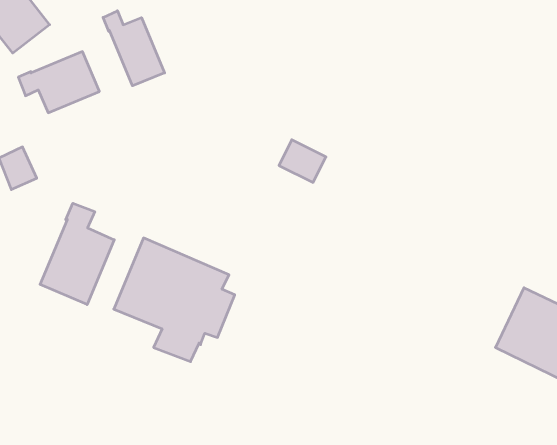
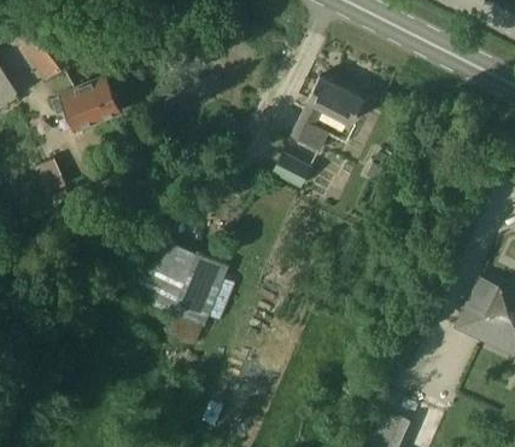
building: [103,11,165,86] -> none
building: none -> [289,76,363,151]
building: [40,203,114,305] -> none

